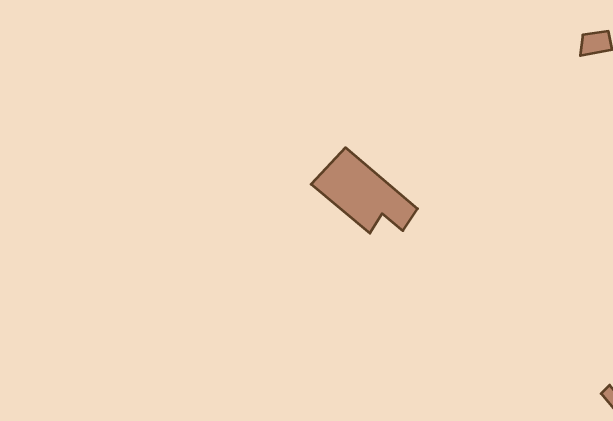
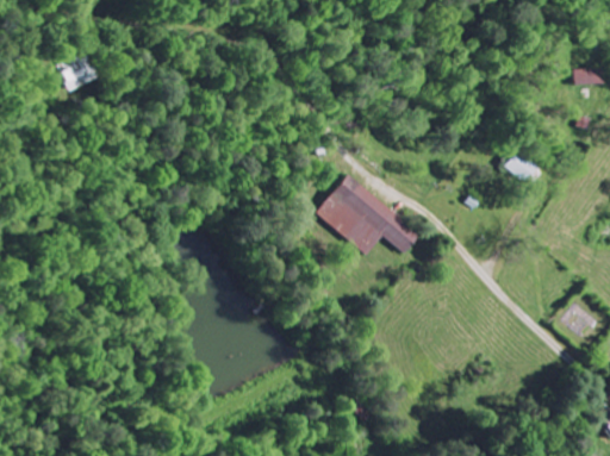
building: none -> [57,55,99,92]
building: none -> [505,151,546,185]

